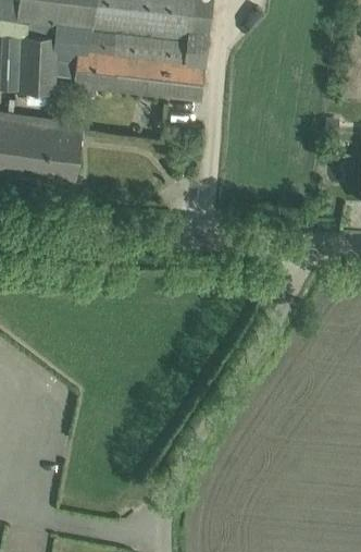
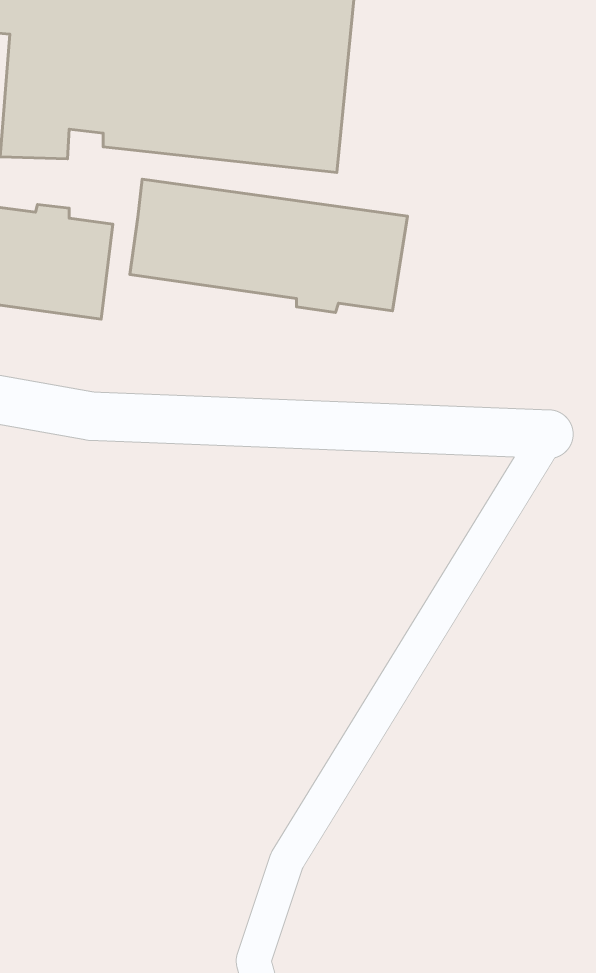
building: none -> [130,179,407,313]

